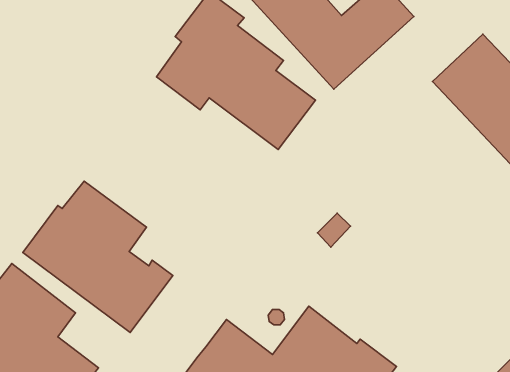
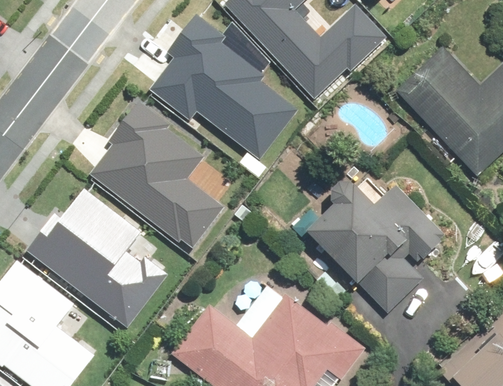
building: none -> [90,98,220,244]
building: none -> [317,184,442,316]

